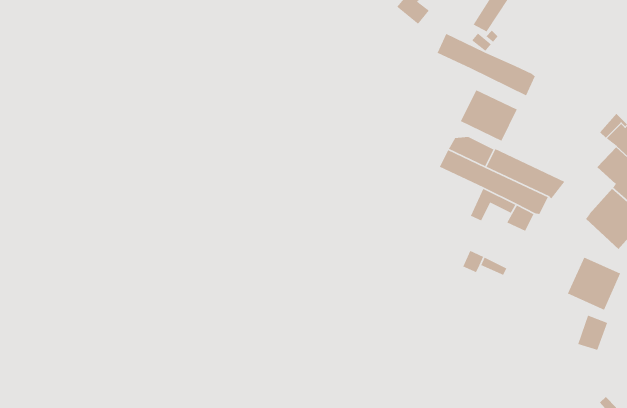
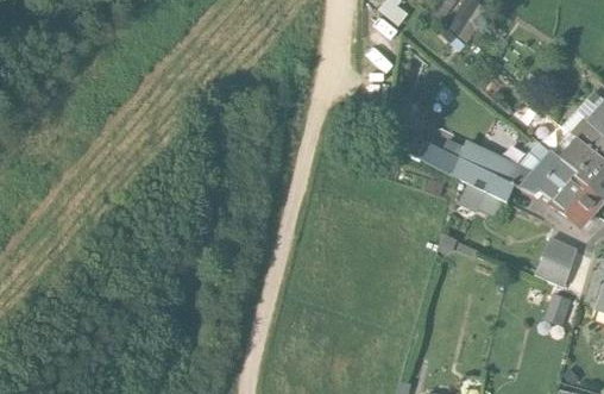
building: [437,33,536,96] -> none
building: [460,89,518,142] -> none
building: none -> [520,150,578,201]

